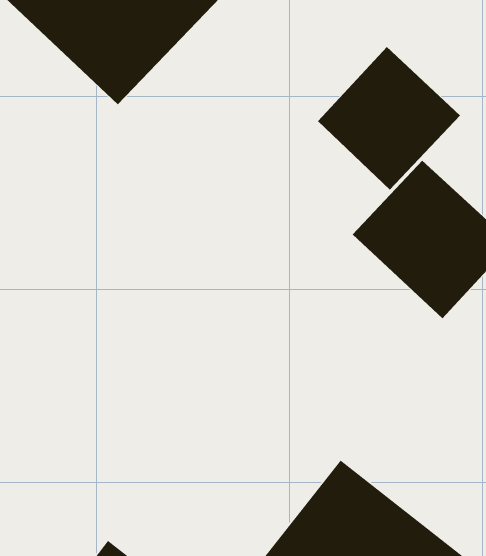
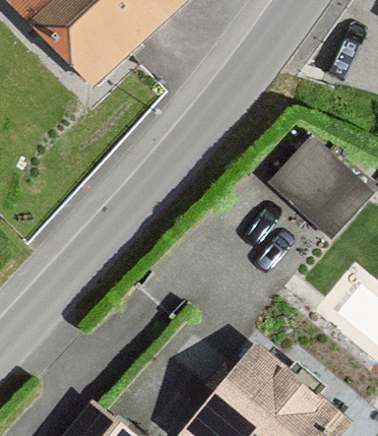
building: [317,46,461,190] -> none

